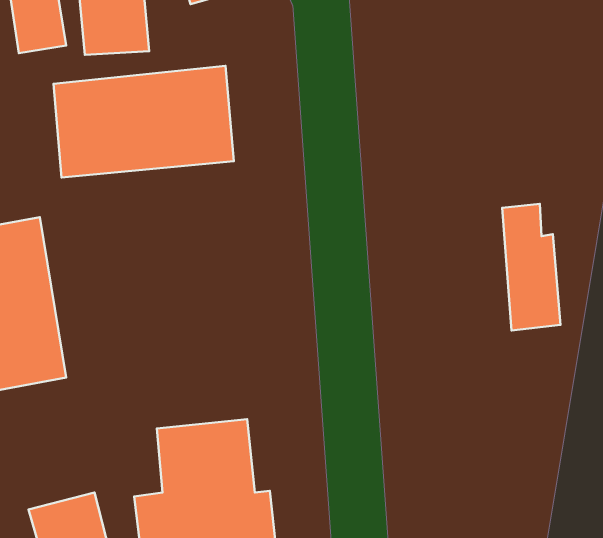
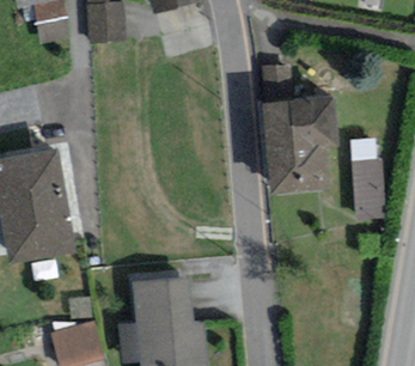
building: [54,66,234,178] -> none
building: none -> [261,93,338,191]

